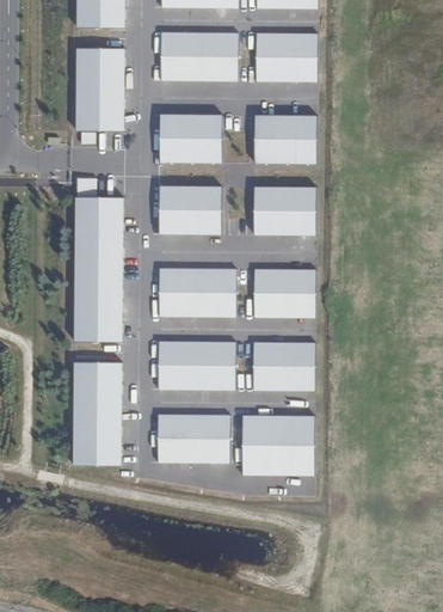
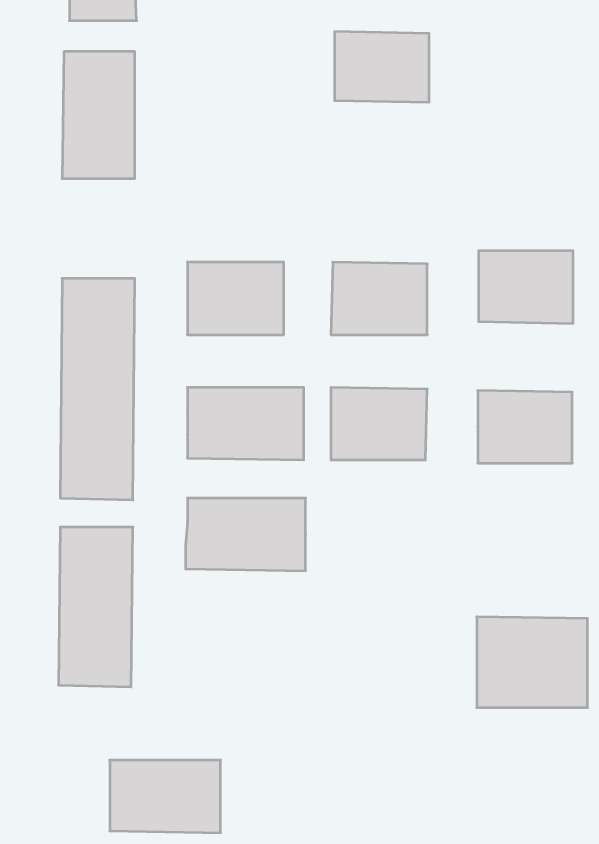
building: [159,33,236,79] -> none
building: [159,114,221,161] -> none
building: [253,115,315,163] -> [479,251,573,323]
building: [252,341,314,388] -> [478,391,572,463]
building: [156,414,229,461] -> [110,760,221,833]
building: [241,414,314,473] -> [477,617,588,708]

